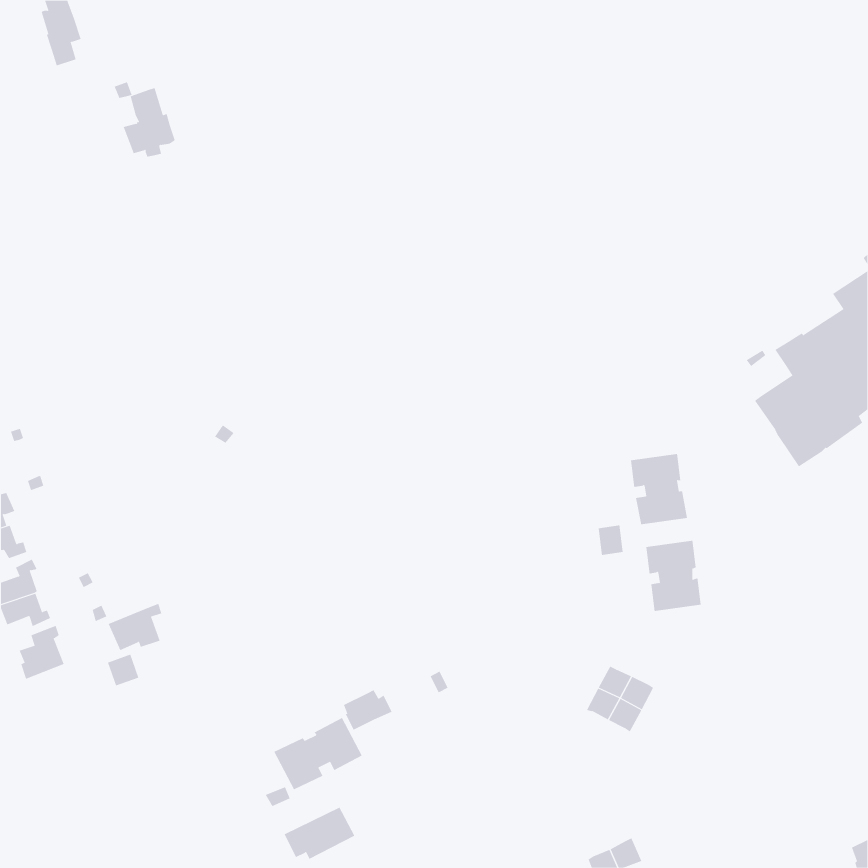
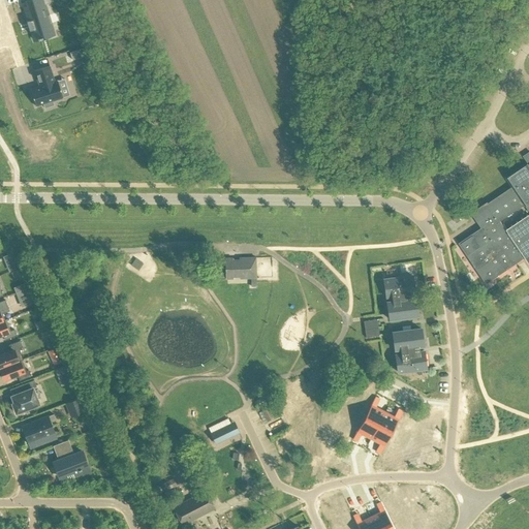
building: [123,88,176,157] -> [30,65,62,107]
building: none -> [225,257,256,280]
building: [108,603,162,651] -> [23,414,56,443]
building: [274,717,362,790] -> none
building: none -> [53,446,87,475]

